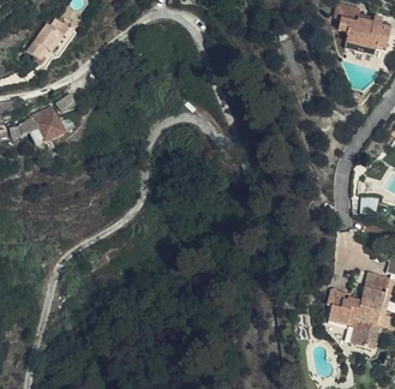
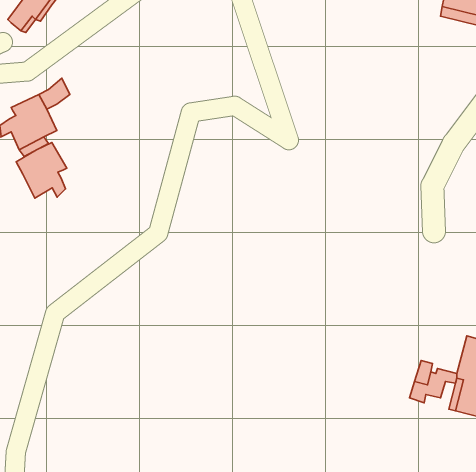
building: none -> [16,142,67,198]

